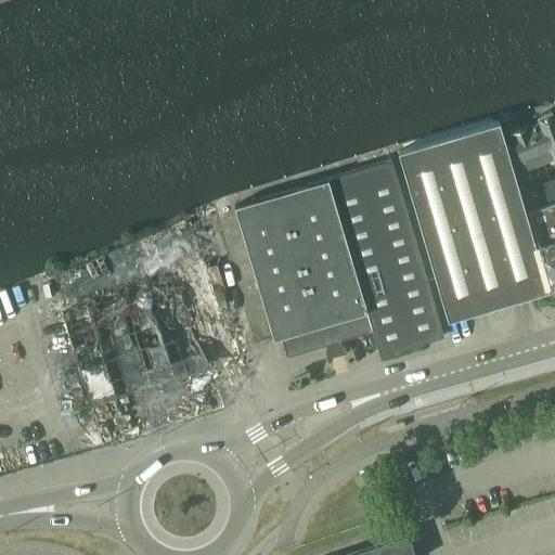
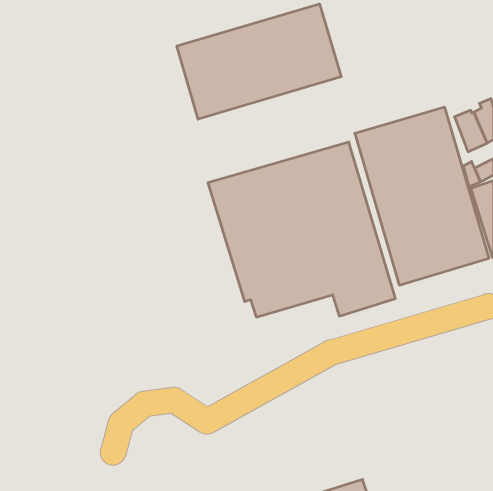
building: none -> [177,4,341,119]

